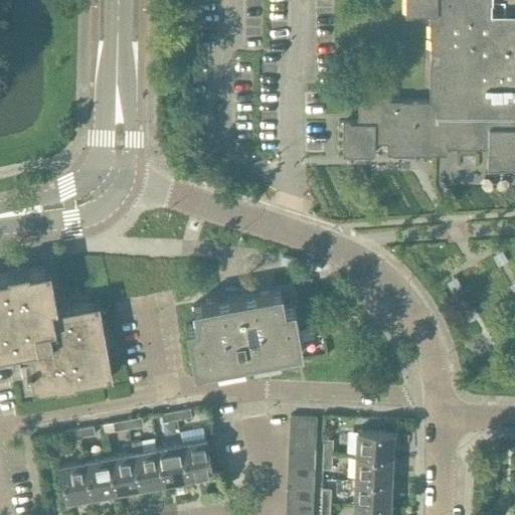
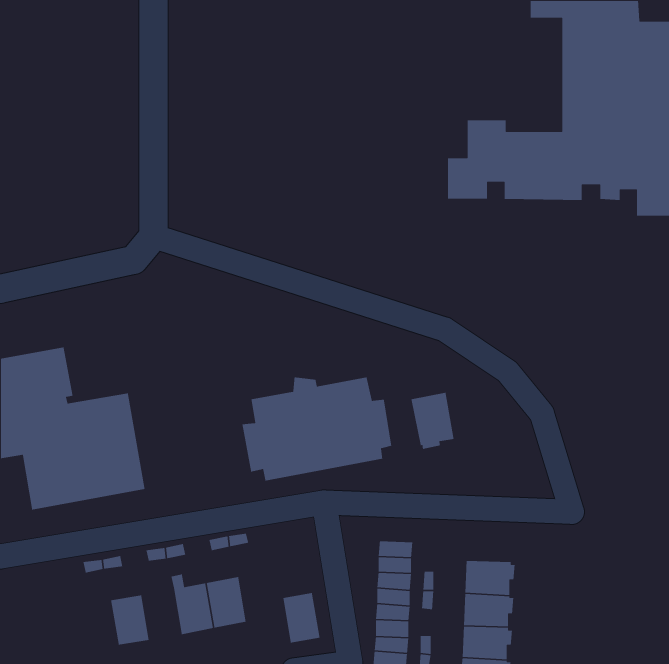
building: none -> [410,392,455,450]
building: [184,443,213,482] -> [282,592,320,643]
building: [110,456,140,496] -> none
building: [60,465,92,505] -> none

